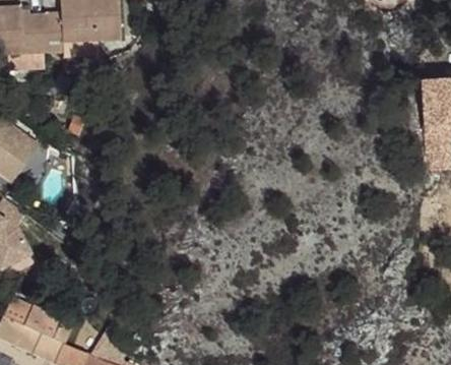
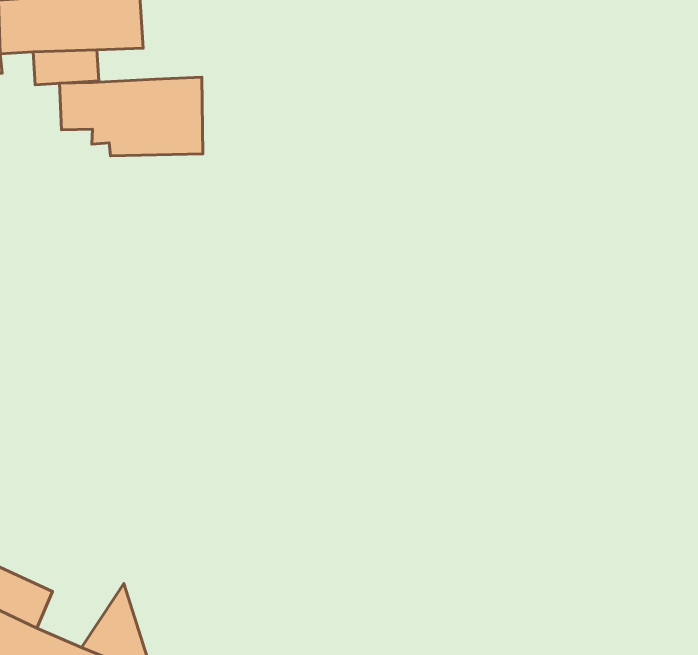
building: none -> [59,77,203,156]

